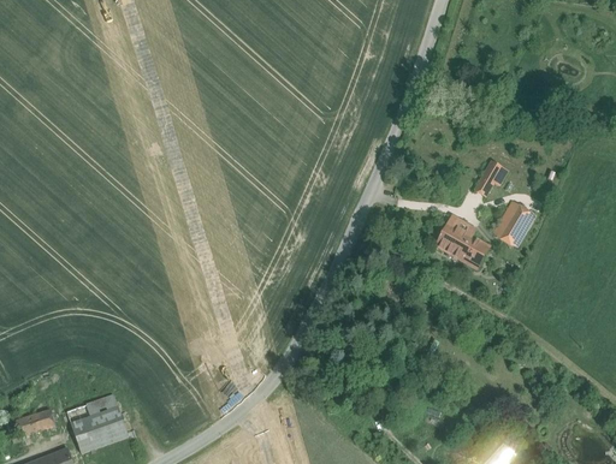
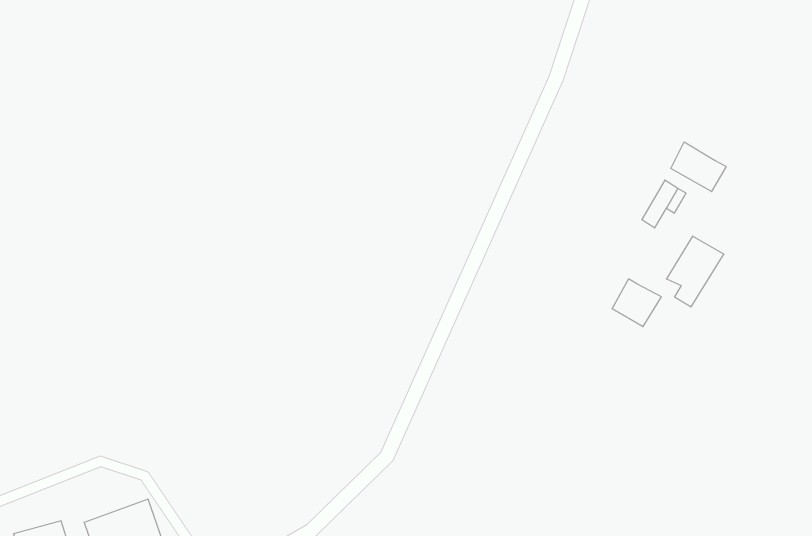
building: none -> [671,142,726,192]
building: [436,215,475,254] -> none

